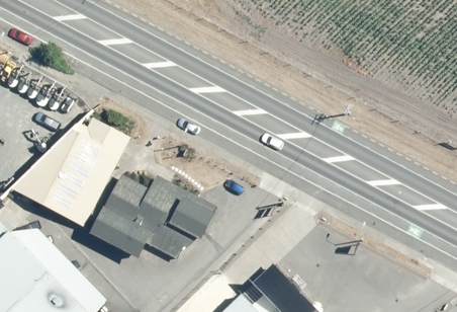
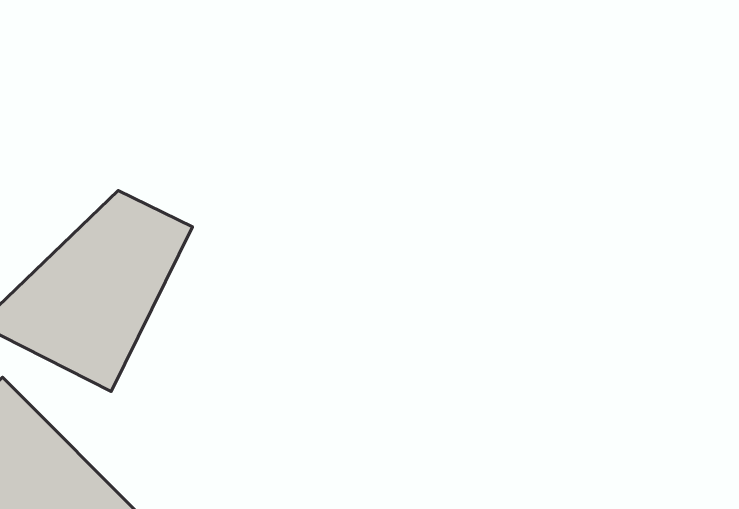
building: [93,171,209,257] -> none

